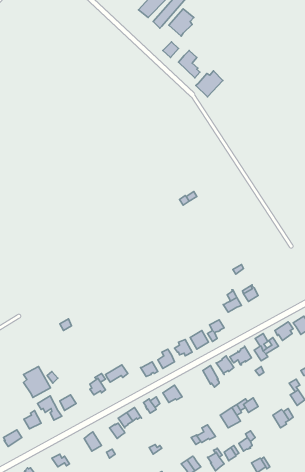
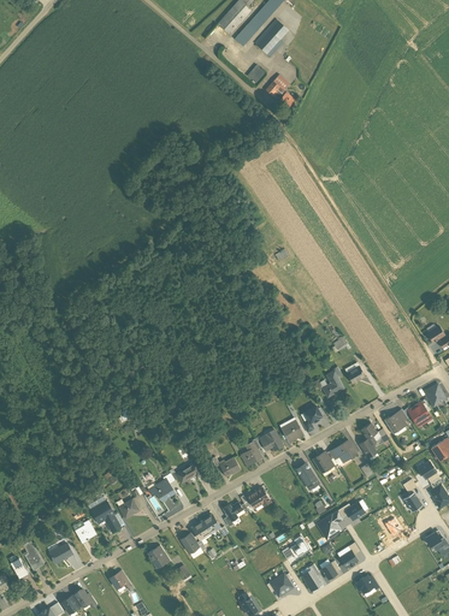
building: [196,71,223,97] -> none
building: [23,367,51,398] -> none

